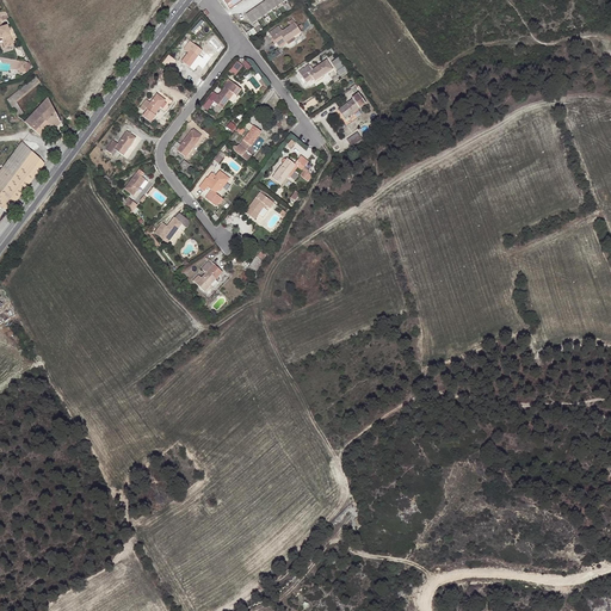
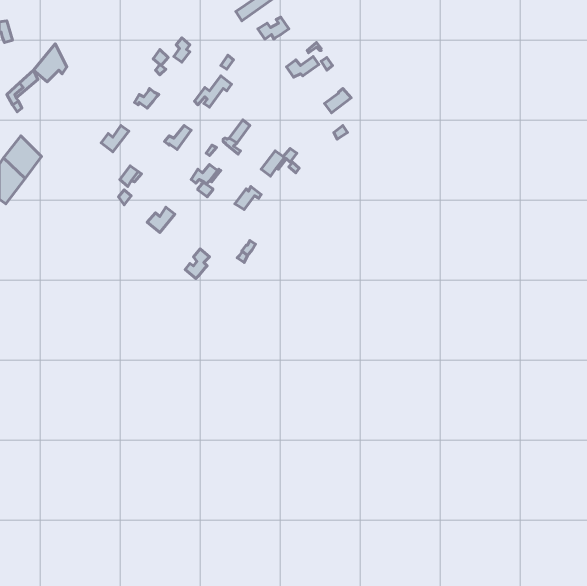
building: [25,95,60,135] -> [33,44,67,82]

